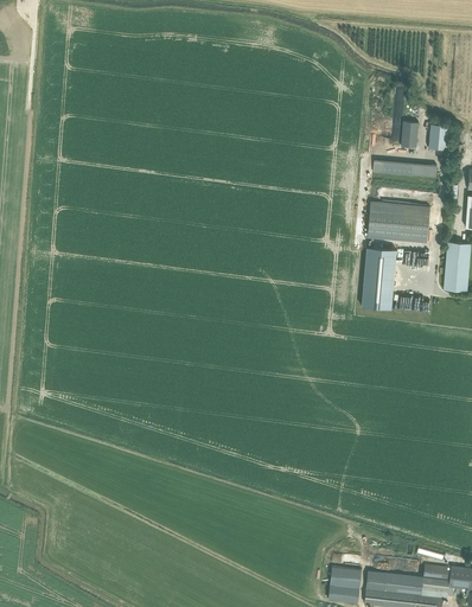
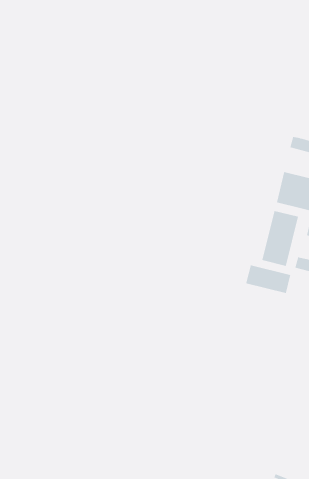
building: none -> [246,265,291,294]

